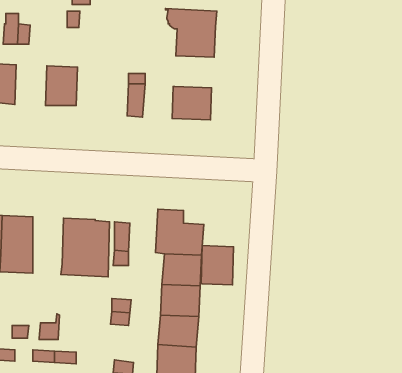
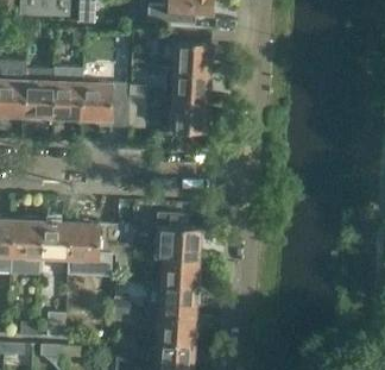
building: none -> [165,70,209,101]
building: none -> [24,80,53,118]
building: none -> [81,82,126,127]
building: none -> [40,221,69,276]
building: [201,246,234,285] -> none

